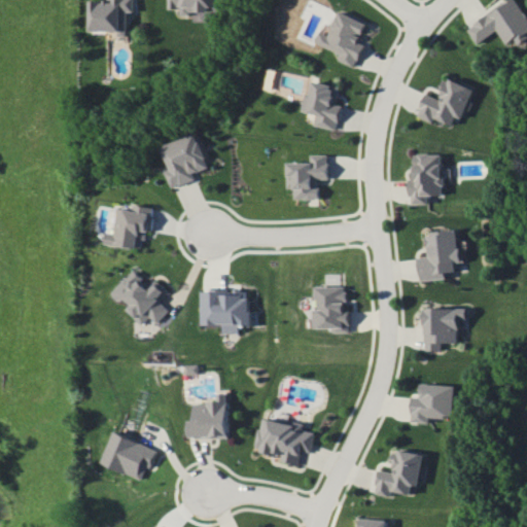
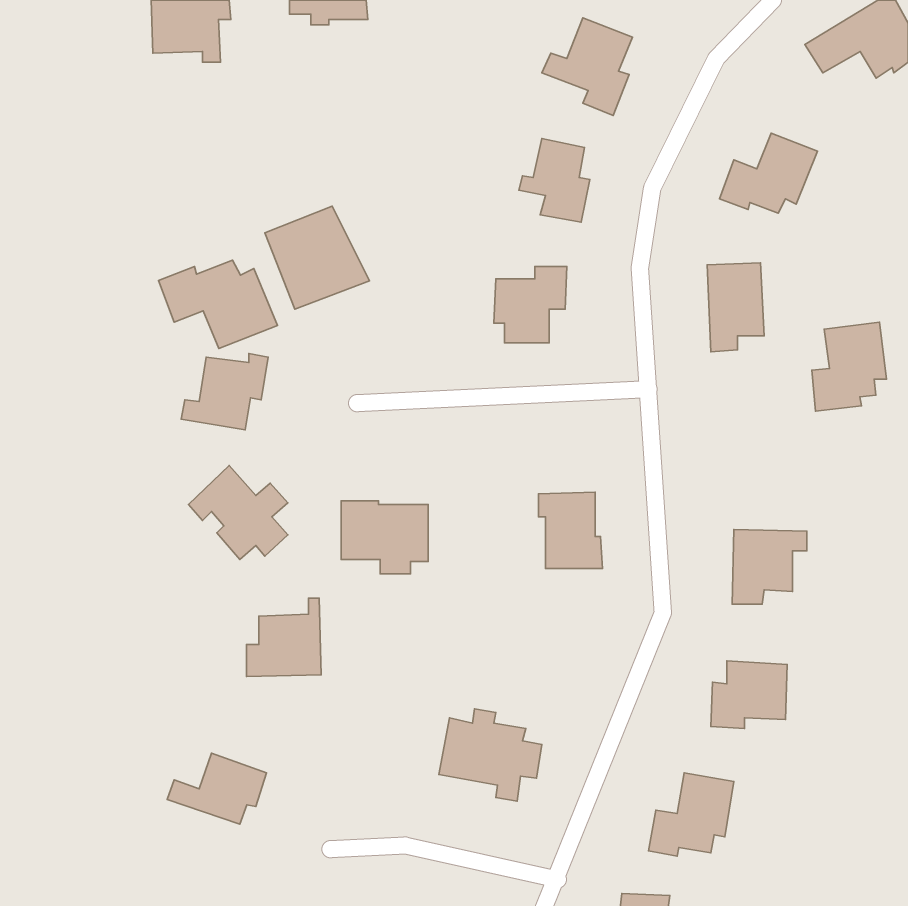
building: none -> [159,260,277,349]
building: [418,230,461,281] -> [812,322,887,411]
building: [184,393,227,438] -> [246,598,321,676]

